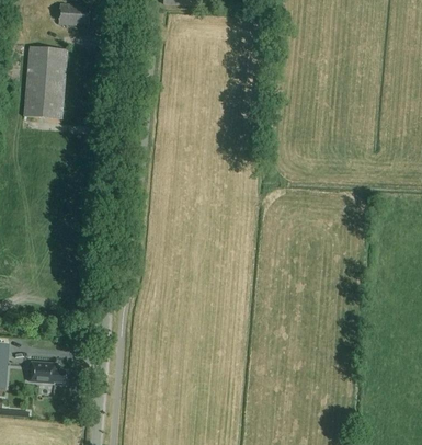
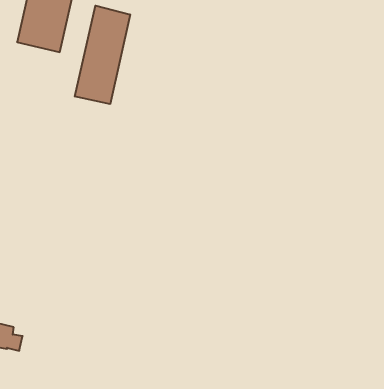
building: none -> [75,6,130,104]

